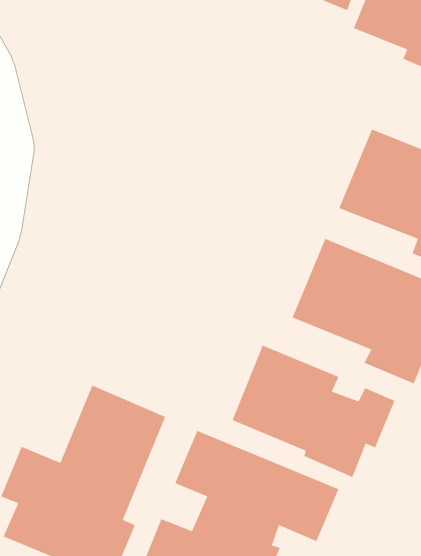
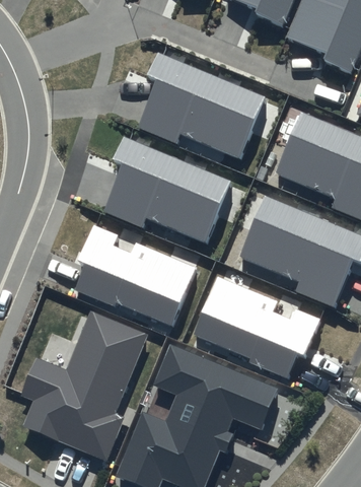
building: none -> [138,54,265,158]
building: none -> [104,138,231,242]
building: none -> [75,226,196,326]

